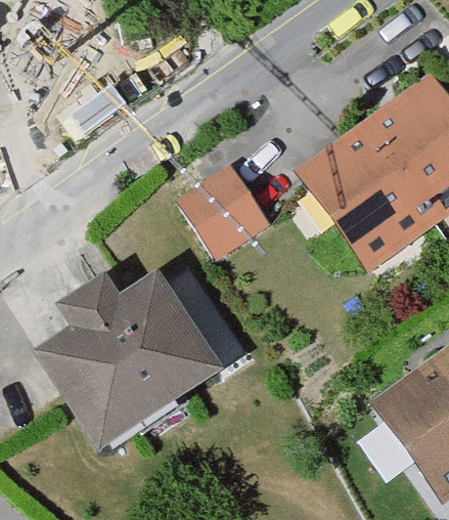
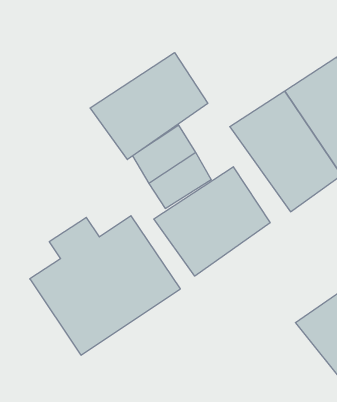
building: none -> [90,53,208,160]
building: none -> [154,167,270,276]

